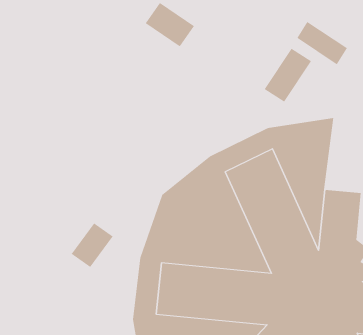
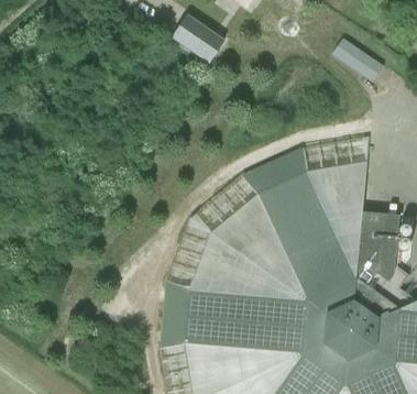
building: [264,48,312,103] -> none
building: [71,223,113,268] -> none

